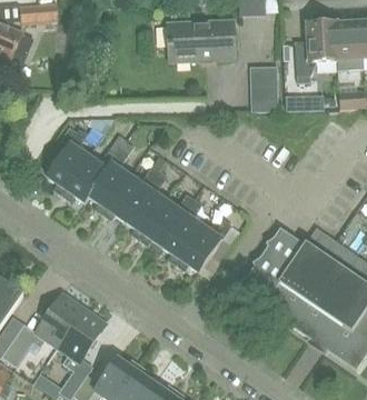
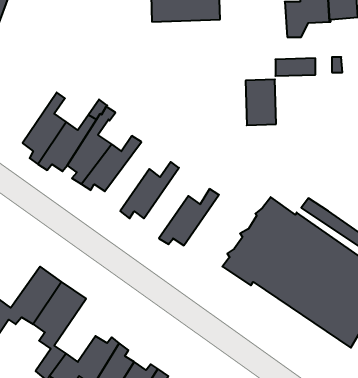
building: [250,64,279,108] -> [246,79,276,125]
building: [125,173,167,239] -> none
building: [161,198,204,264] -> none

